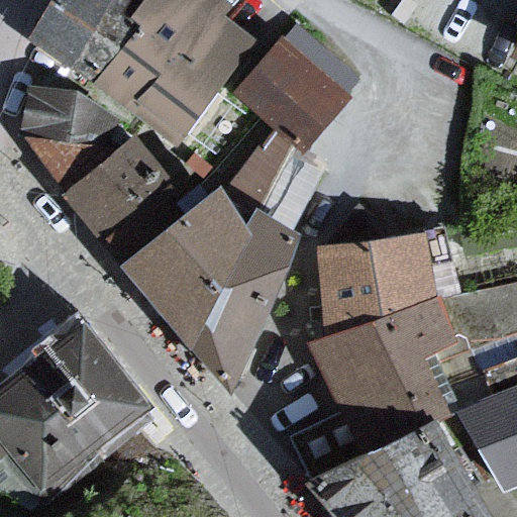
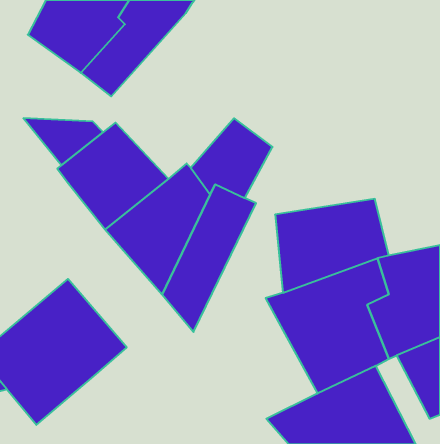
building: [129,15,249,141] -> none
building: [236,41,343,146] -> none
building: [27,89,113,141] -> none

